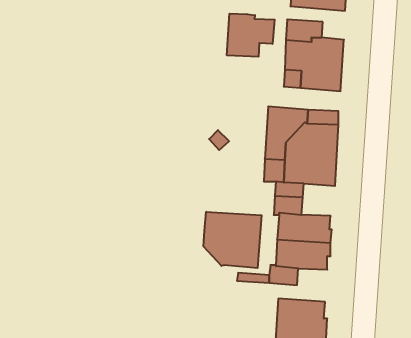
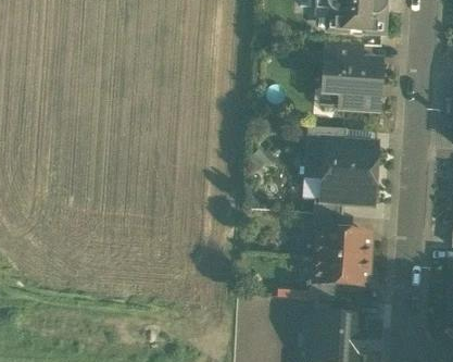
building: [227,14,275,57] -> none
building: [204,212,262,268] -> none

